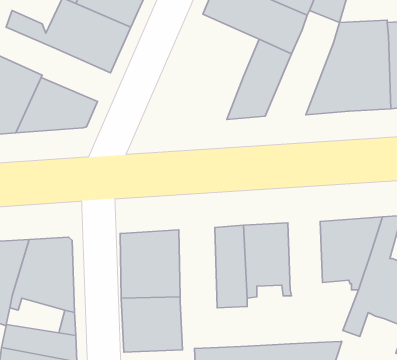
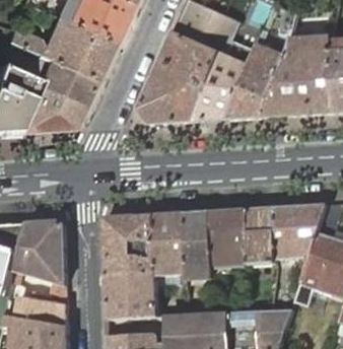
building: none -> [138,32,221,125]
building: none -> [226,46,284,119]
building: none -> [37,61,95,107]
building: none -> [246,208,275,266]
building: none -> [153,213,186,282]

